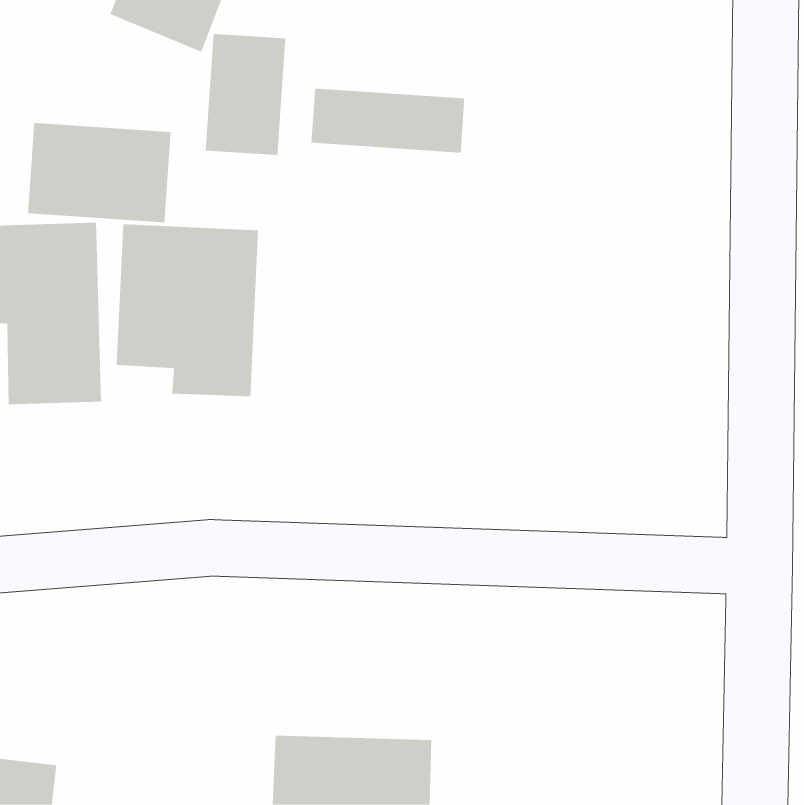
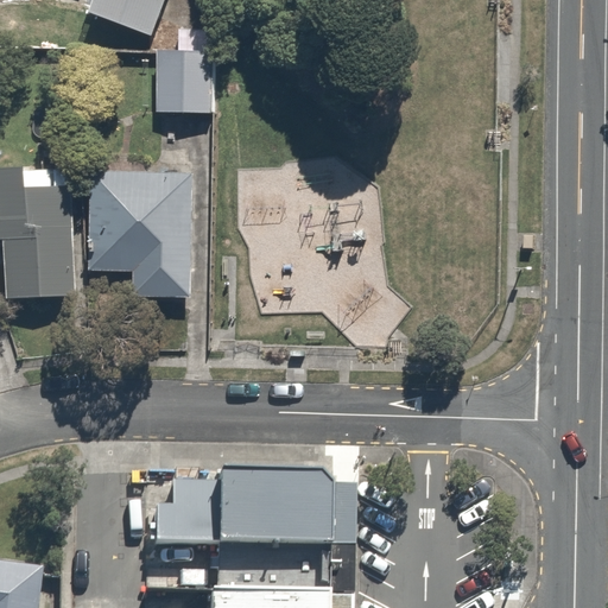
building: [311,88,465,153] -> none
building: [28,122,171,223] -> none
building: none -> [171,468,342,550]

